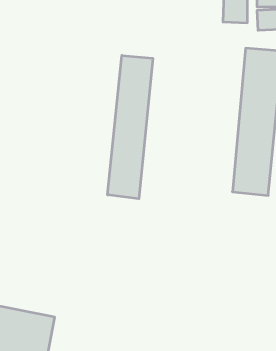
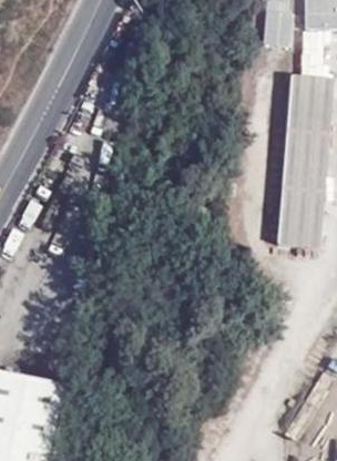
building: [108,55,153,199] -> none

